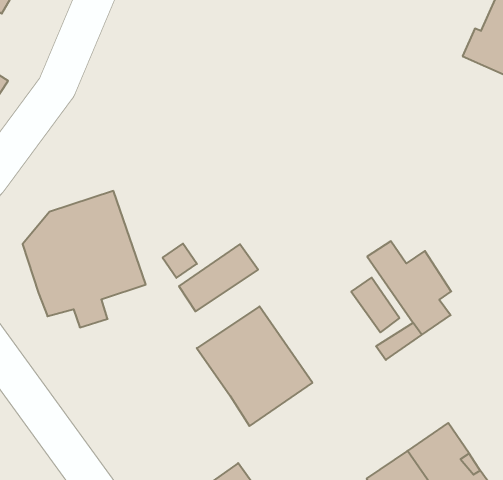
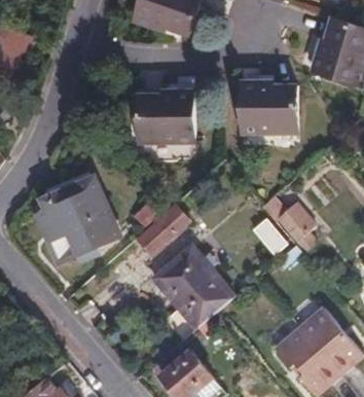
building: none -> [239,80,296,133]
building: none -> [135,88,191,141]

